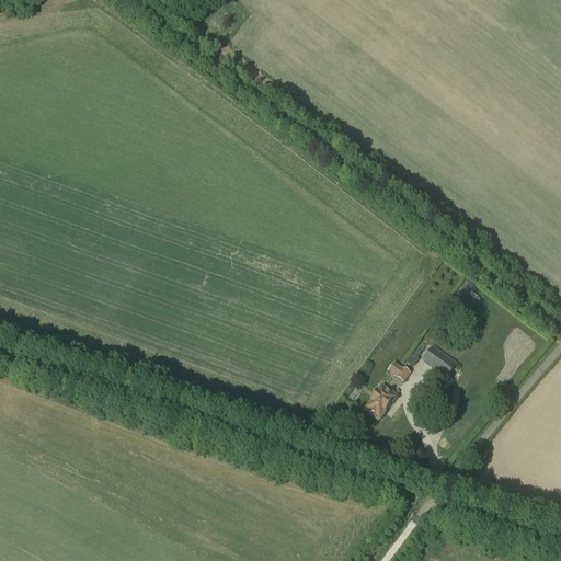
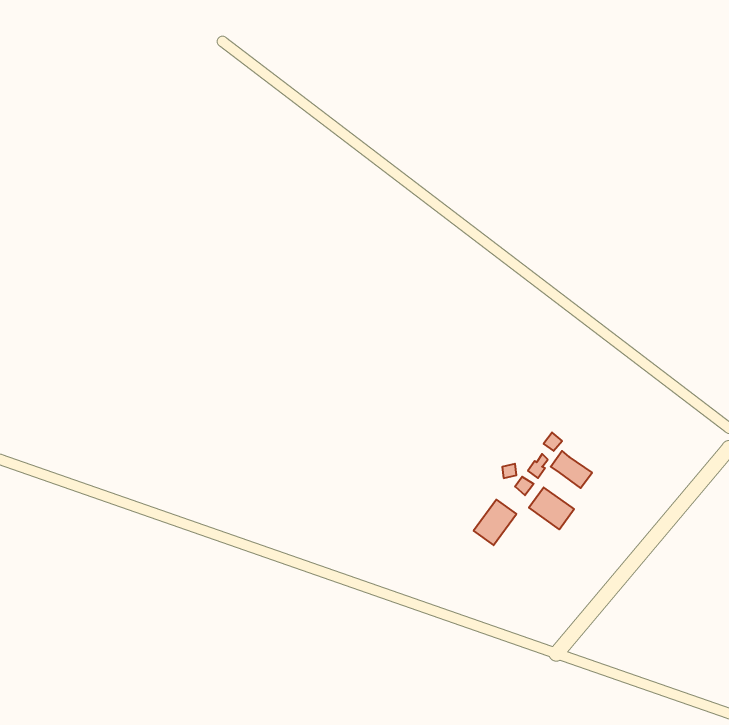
building: none -> [529,487,574,529]

